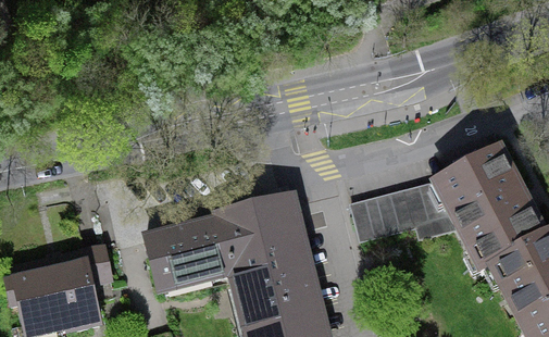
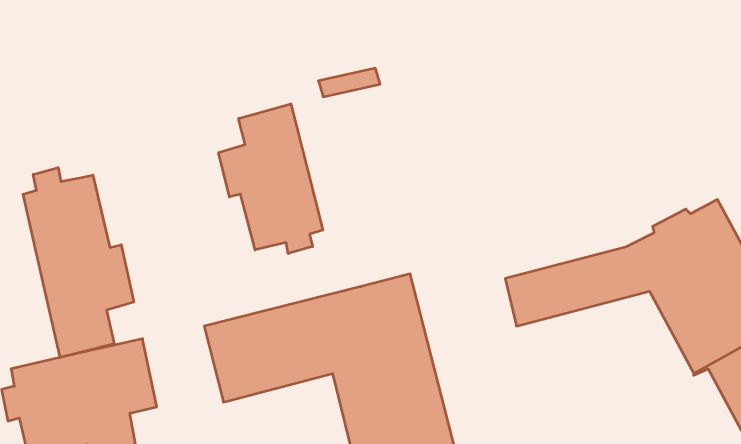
building: none -> [219,104,323,254]
building: none -> [23,168,134,358]

